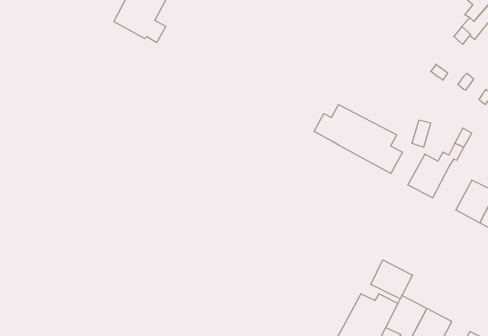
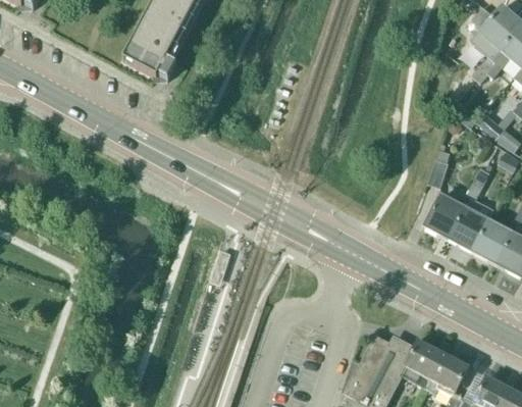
building: [314,105,402,174] -> none
building: none -> [451,207,490,251]
building: [371,260,413,299] -> none

